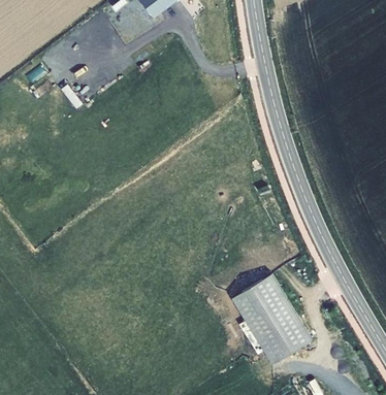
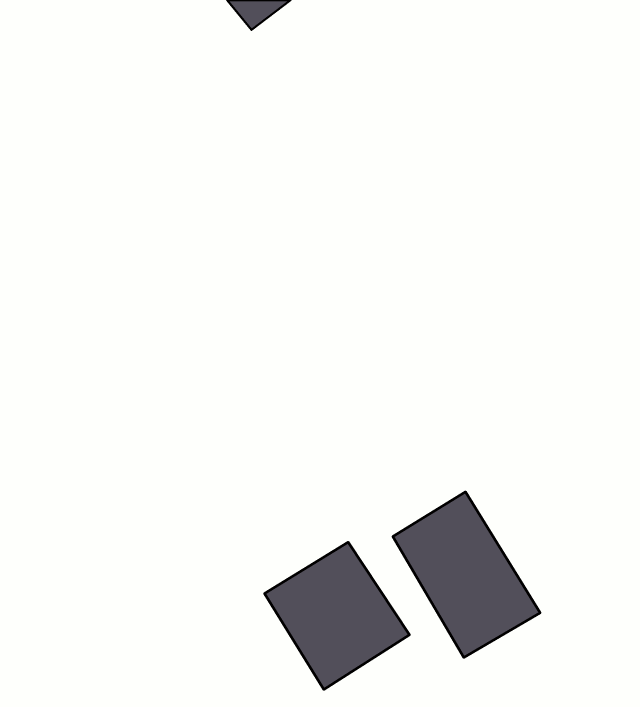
building: none -> [265,542,410,689]

